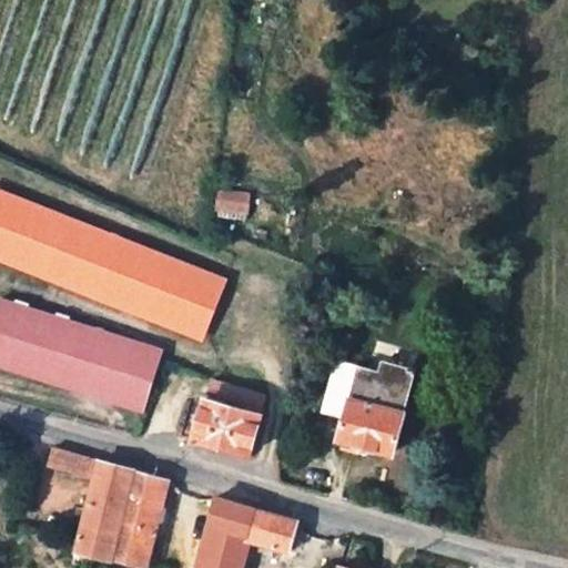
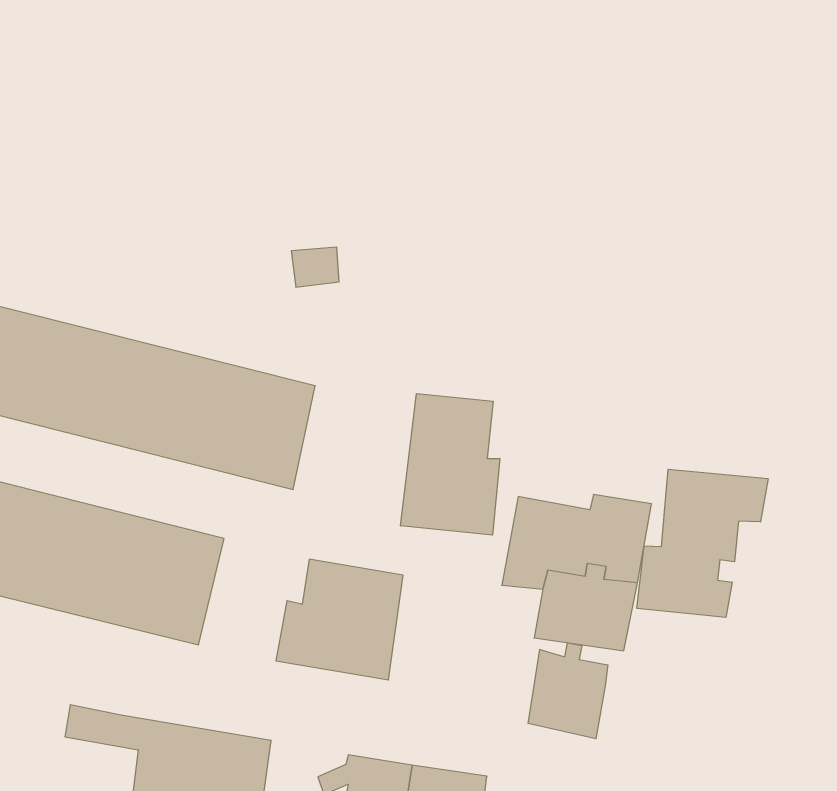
building: none -> [401,394,500,535]
building: none -> [637,469,768,617]
building: none -> [528,643,608,739]

